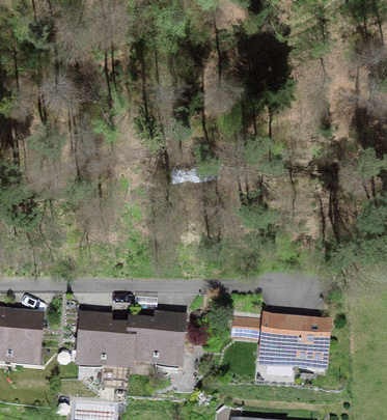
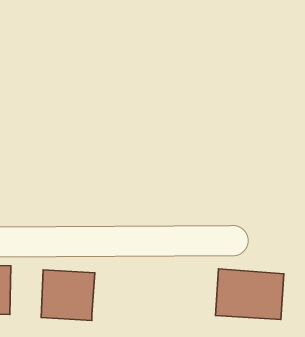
building: [129,308,186,364] -> none

